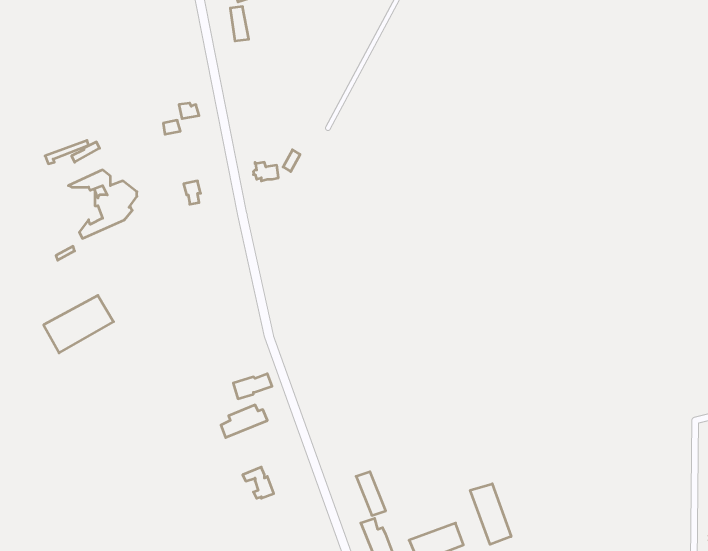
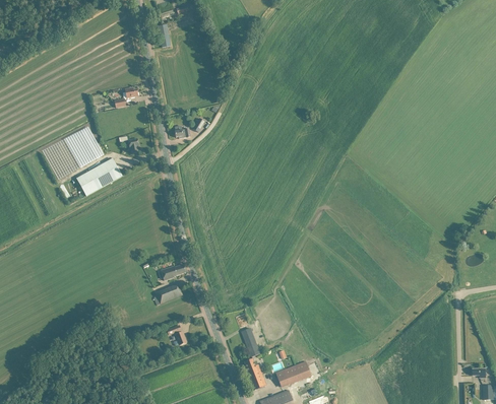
building: [44,295,114,353] -> [76,158,122,196]
building: [470,484,511,544] -> none

